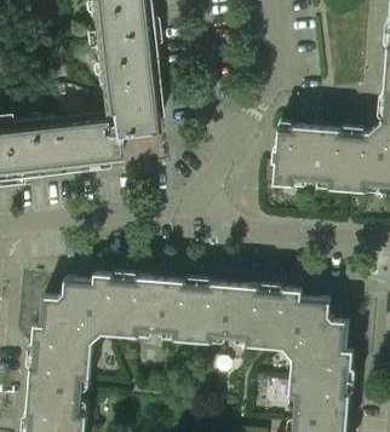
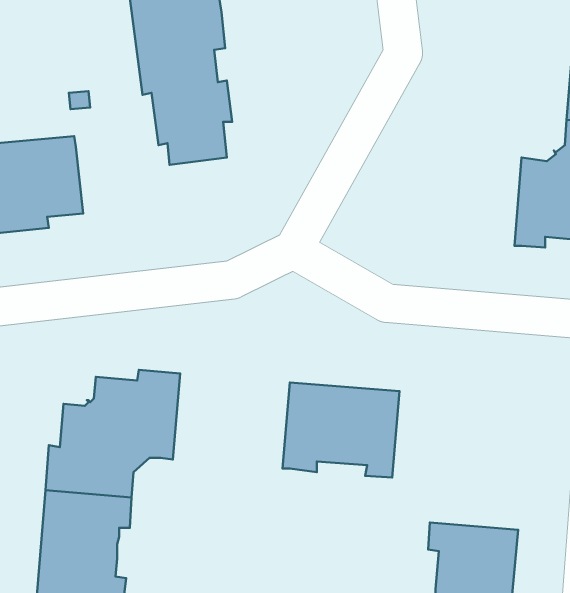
building: [52,119,119,169] -> none
building: [273,126,352,191] -> none
building: [117,277,196,341] -> none
building: [265,289,352,382] -> none

